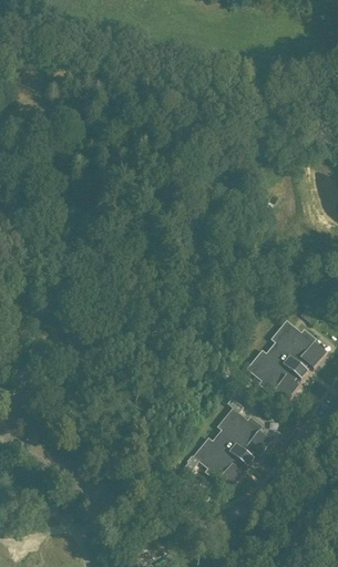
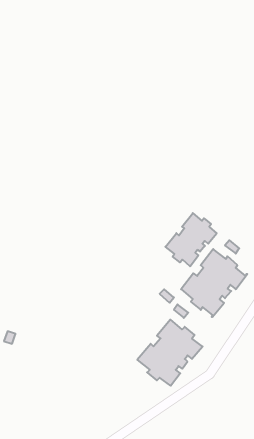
building: none -> [165,213,217,266]

